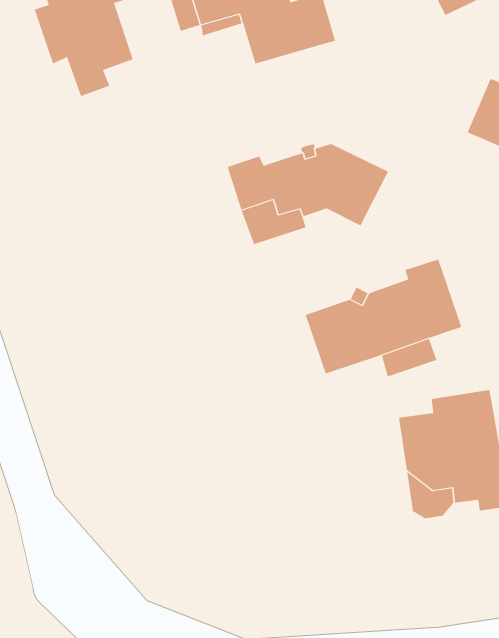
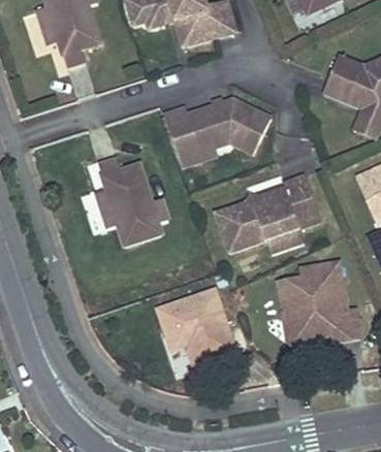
building: none -> [96,159,168,243]
building: none -> [160,288,235,363]

